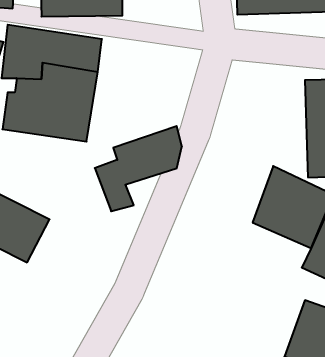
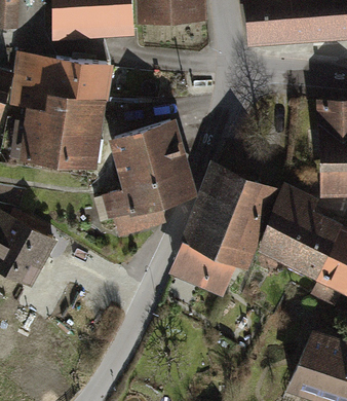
building: none -> [112,118,186,175]
building: none -> [174,160,279,292]

